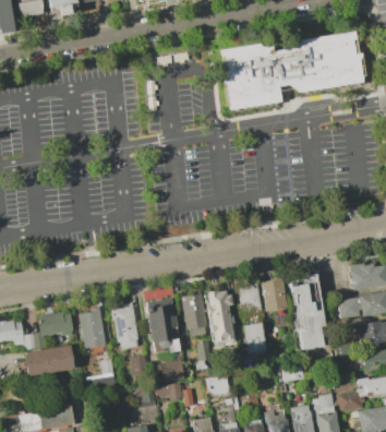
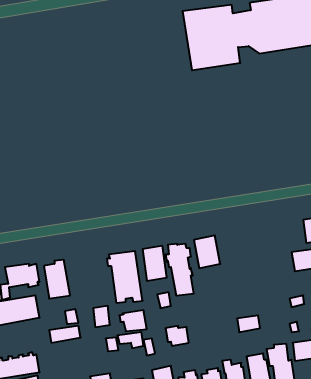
building: [289,274,324,349] -> none
building: [261,276,287,311] -> none
building: [111,301,138,348] -> none
building: [242,322,265,353] -> none

